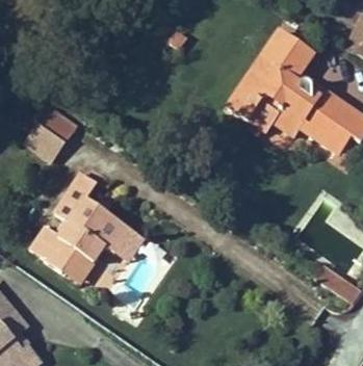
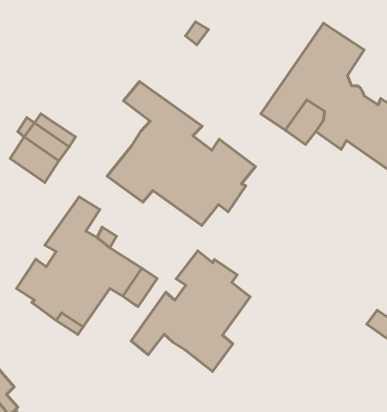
building: none -> [107,82,255,226]
building: none -> [131,251,250,372]

